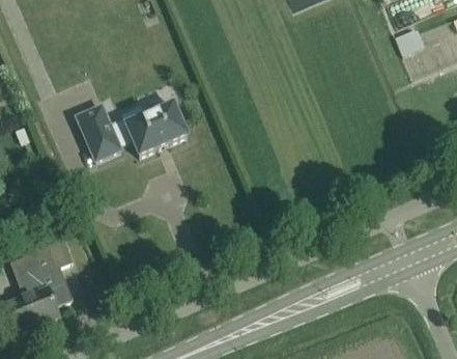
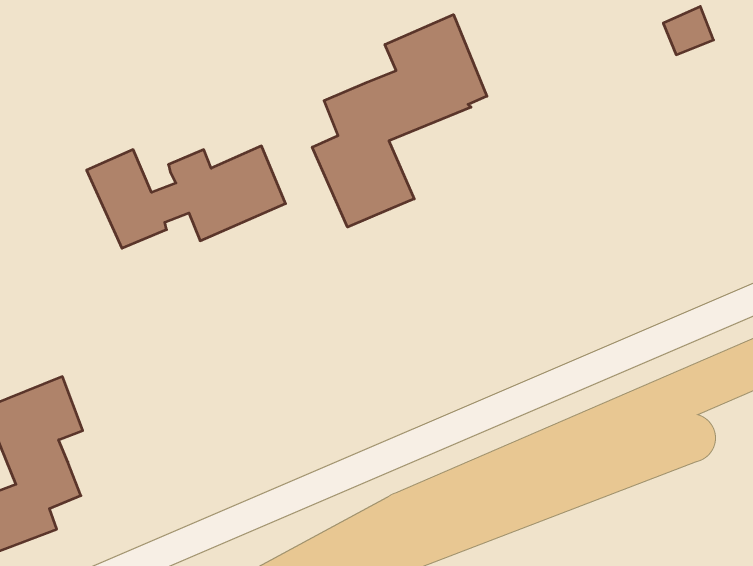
building: none -> [312,15,487,227]

